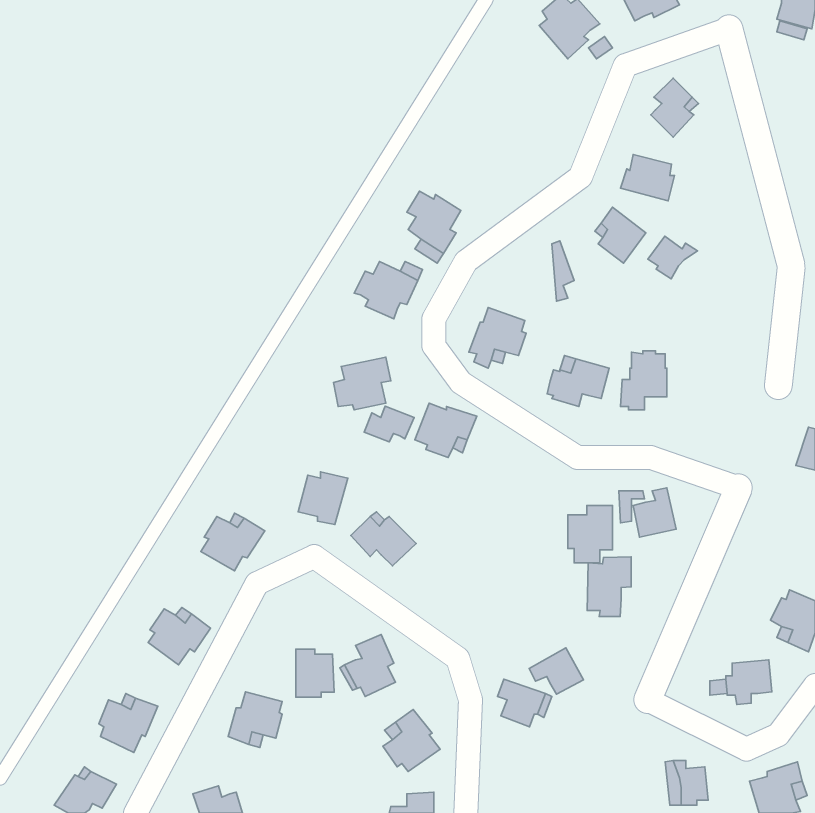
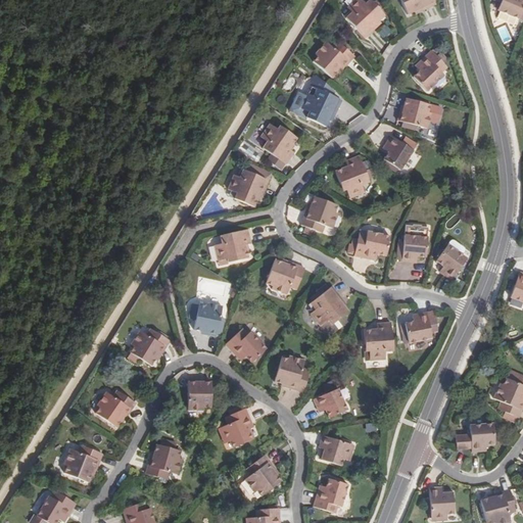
building: none -> [313,37,355,76]
building: none -> [300,73,341,125]
building: [648,236,698,279] -> none
building: none -> [334,156,356,196]
building: none -> [435,242,466,281]
building: [364,406,414,442] -> none
building: none -> [310,285,349,336]
building: none -> [273,355,308,390]
building: [587,557,631,616] -> none
building: [529,648,583,694] -> [313,386,347,416]
building: [296,649,334,697] -> [188,377,212,408]
building: none -> [307,478,342,511]

